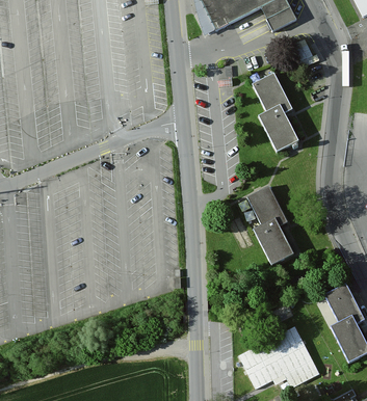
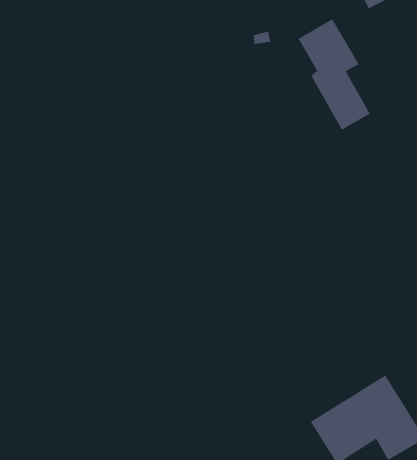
building: [250,191,296,266] -> none

